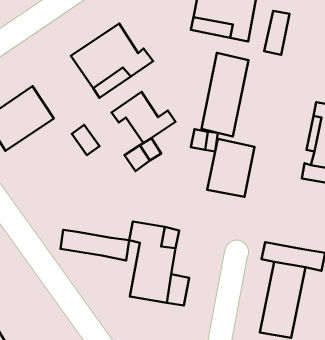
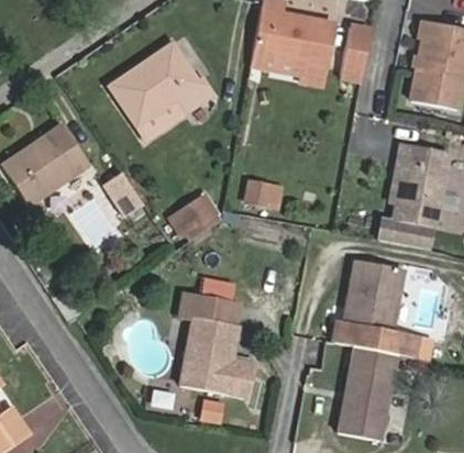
building: [201,53,248,136] -> none
building: [111,92,176,143] -> none
building: [207,139,254,197] -> [344,255,402,327]
building: [60,230,129,260] -> none

